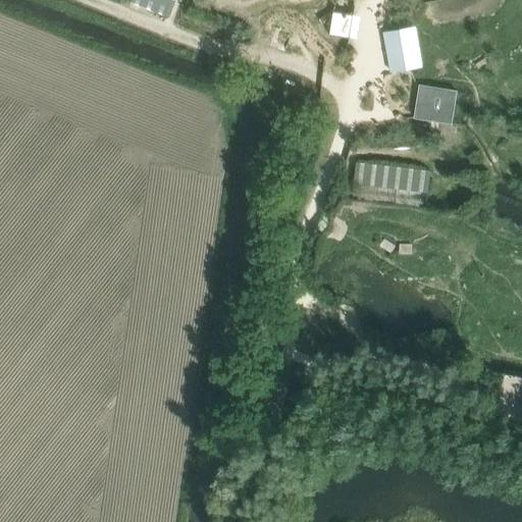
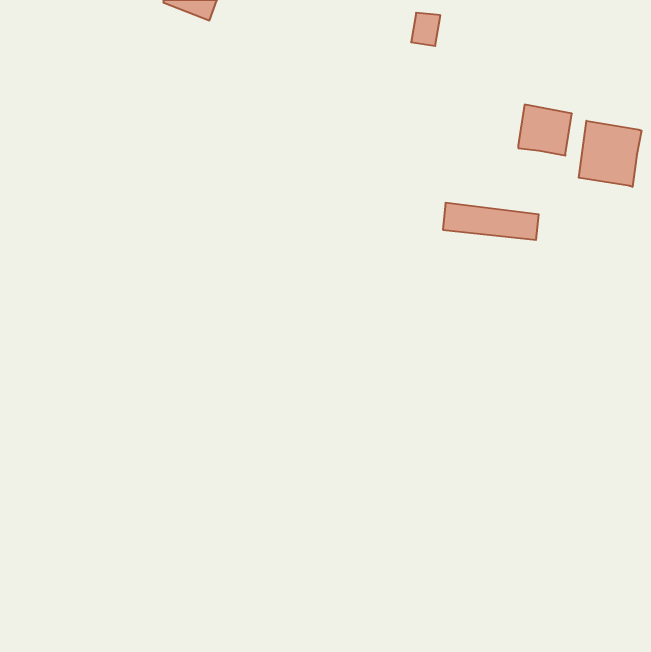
building: [384,28,420,70] -> none
building: none -> [579,121,642,187]

